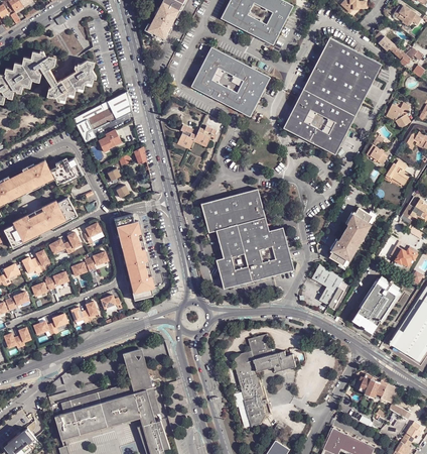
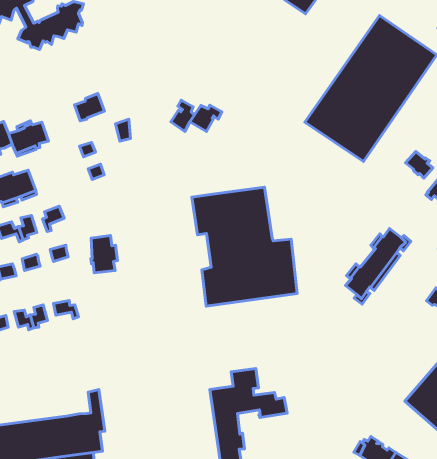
building: [190,47,269,116] -> none
building: [74,92,131,143] -> none
building: [118,214,142,244] -> none
building: [312,264,344,305] -> none
building: [131,267,155,299] -> none
building: [355,277,400,329] -> none
building: [125,351,146,384] -> none

